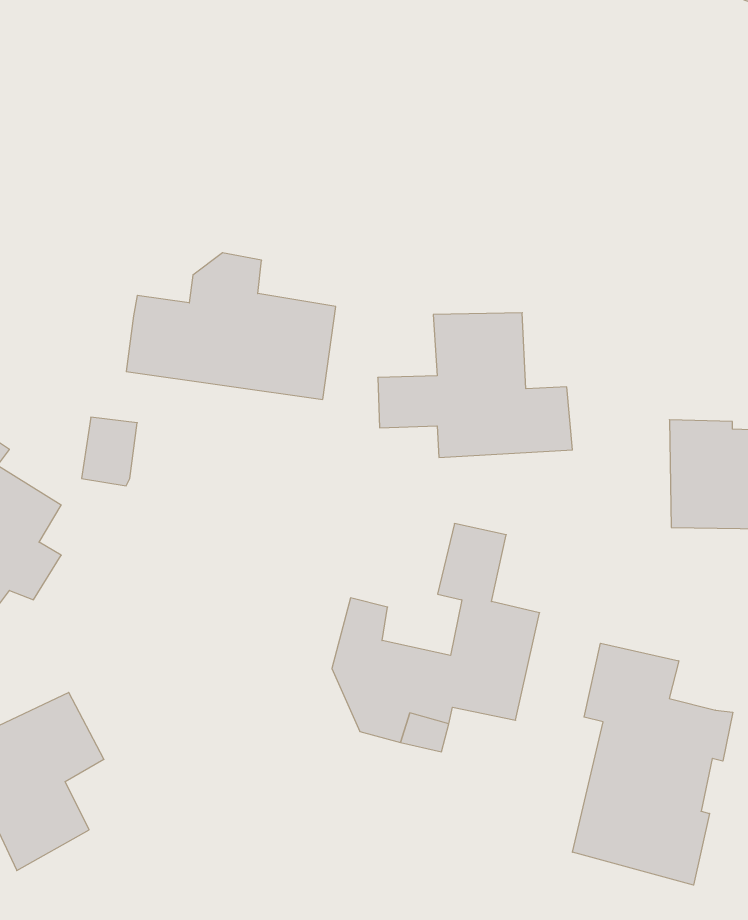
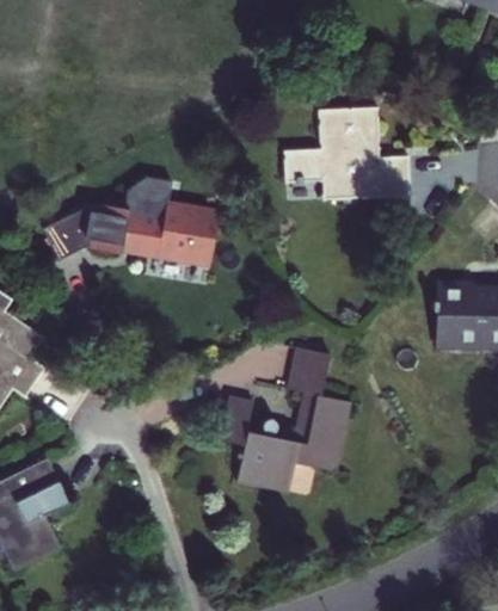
building: [378,313,572,457] -> [283,109,408,202]
building: [82,417,137,486] -> [53,209,88,253]
building: [572,643,733,885] -> none

